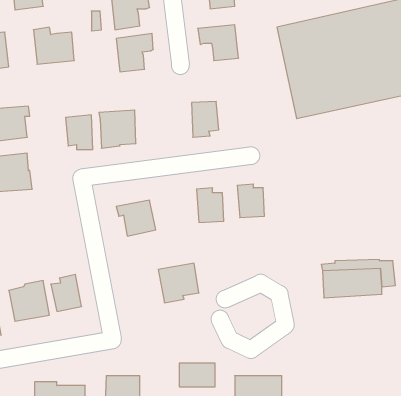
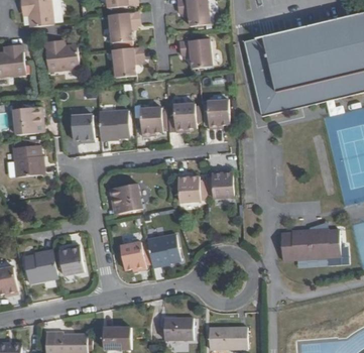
building: none -> [207,99,229,127]
building: none -> [139,106,161,134]
building: none -> [120,241,145,270]

